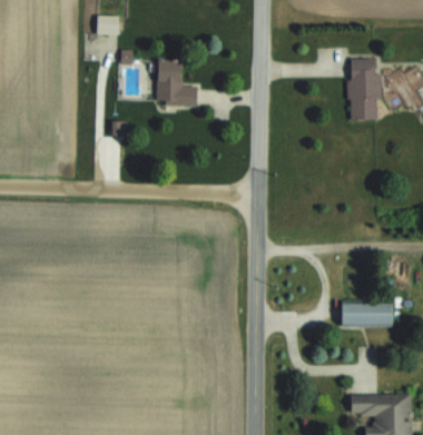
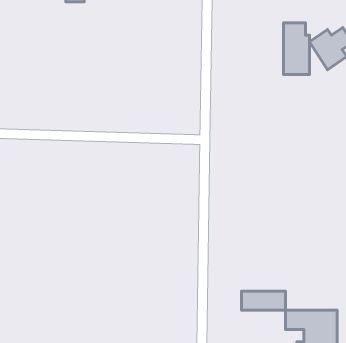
building: [157,60,197,106] -> none
building: [341,304,392,326] -> [241,291,285,310]

